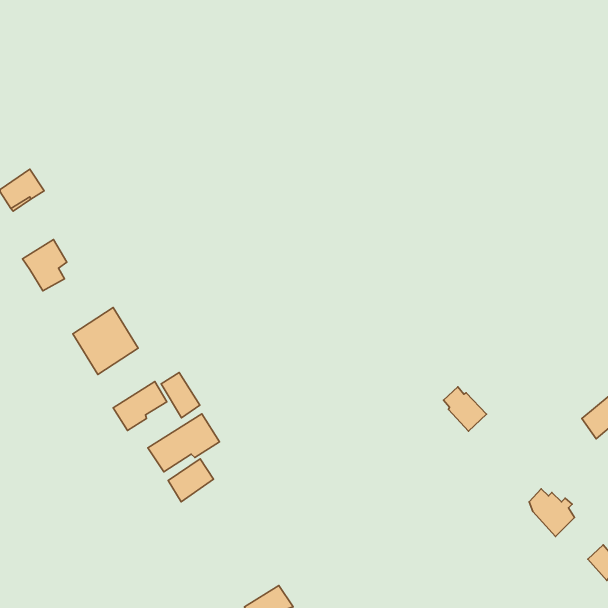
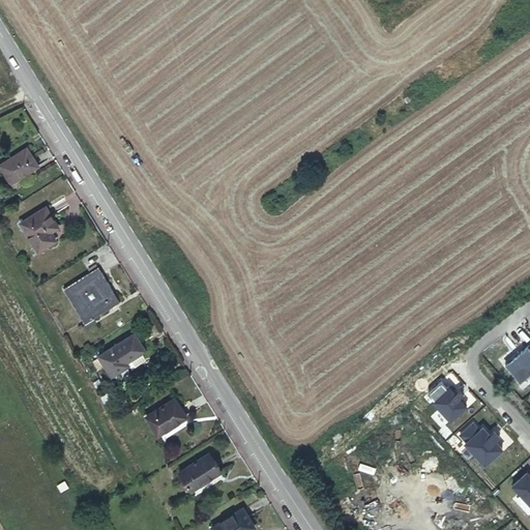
building: [161,372,200,418] -> none
building: [444,387,487,431] -> [428,384,465,422]
building: [148,414,219,472] -> none
building: none -> [180,453,222,492]

